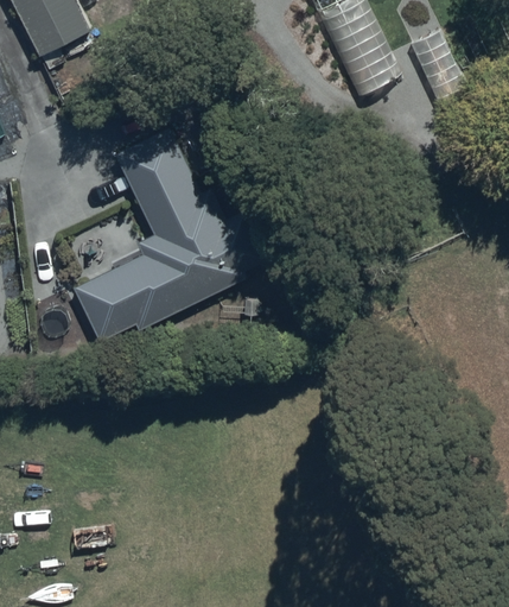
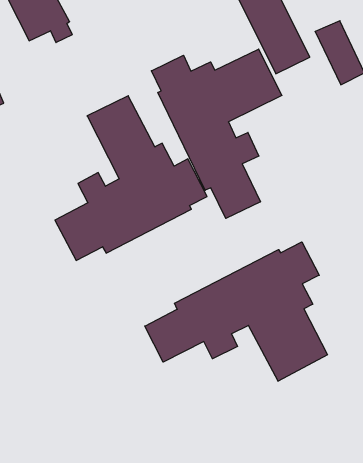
building: none -> [151,49,282,218]
building: none -> [145,242,327,381]

